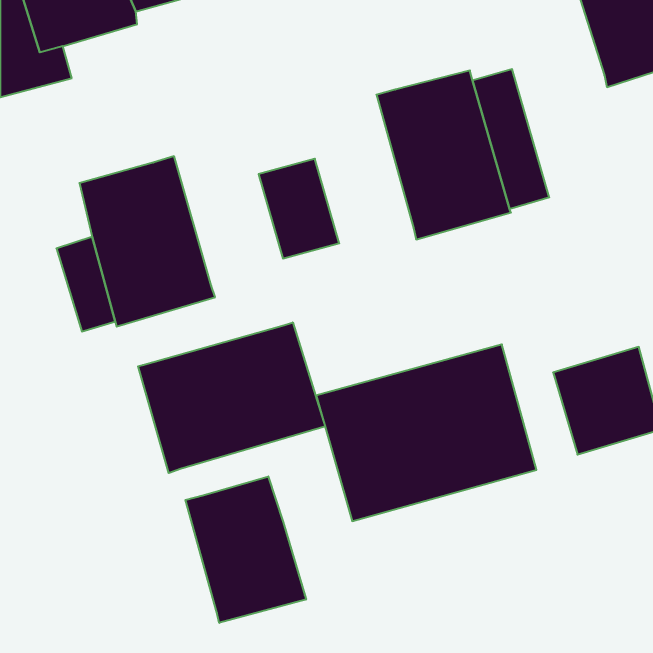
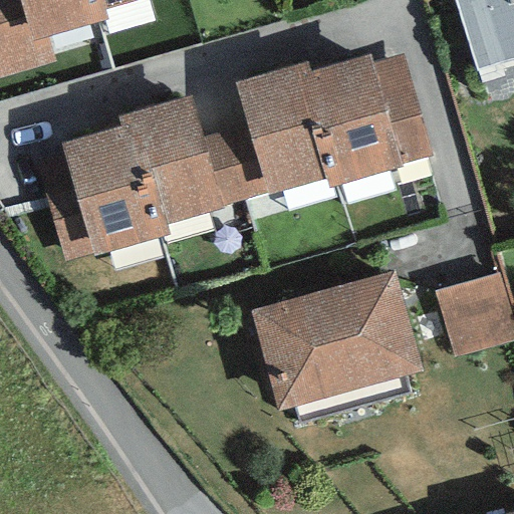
building: none -> [237,62,325,194]
building: none -> [118,95,224,224]
building: [138,322,325,473] -> none
building: [185,476,306,623] -> none

